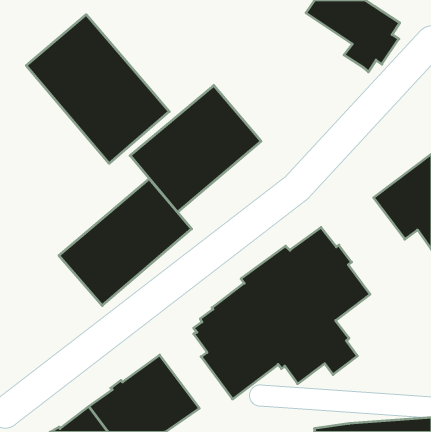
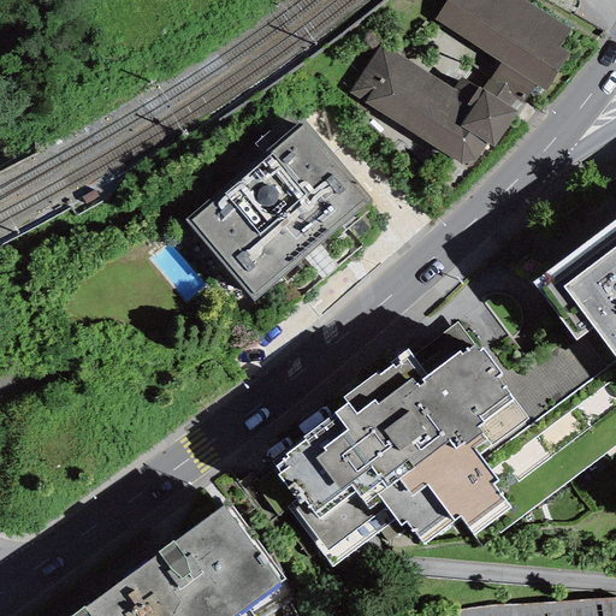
building: [26,15,169,163] -> none
building: none -> [350,47,521,164]
building: [59,179,192,306] -> none

